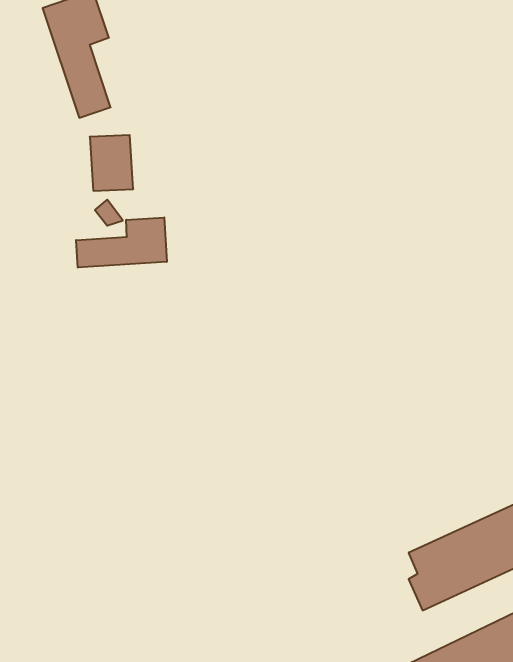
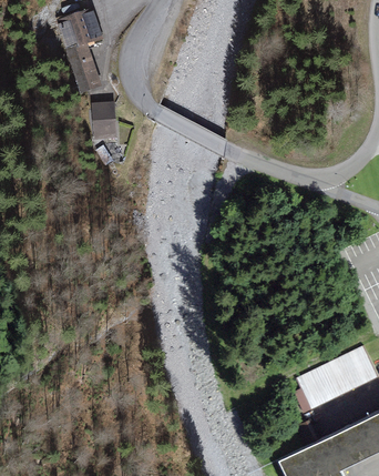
building: [76,217,167,268] -> none

